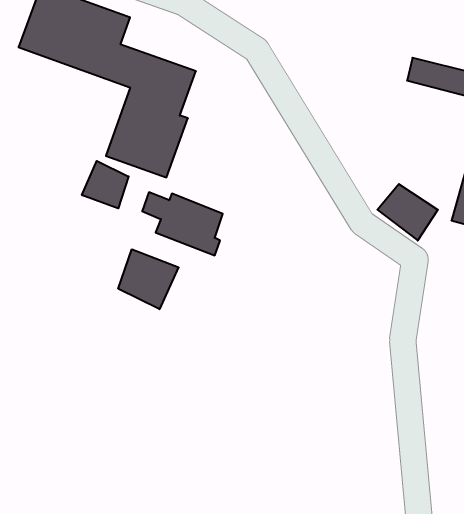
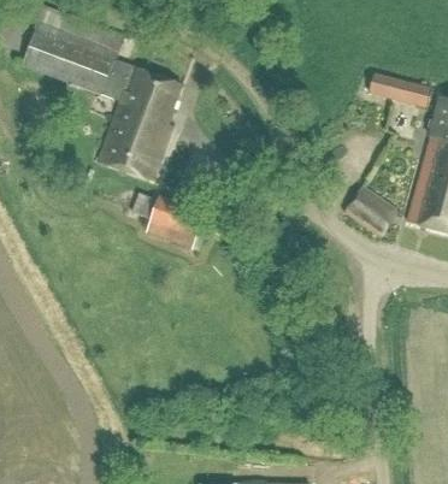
building: [82,161,129,208] -> none
building: [118,249,179,309] -> none

